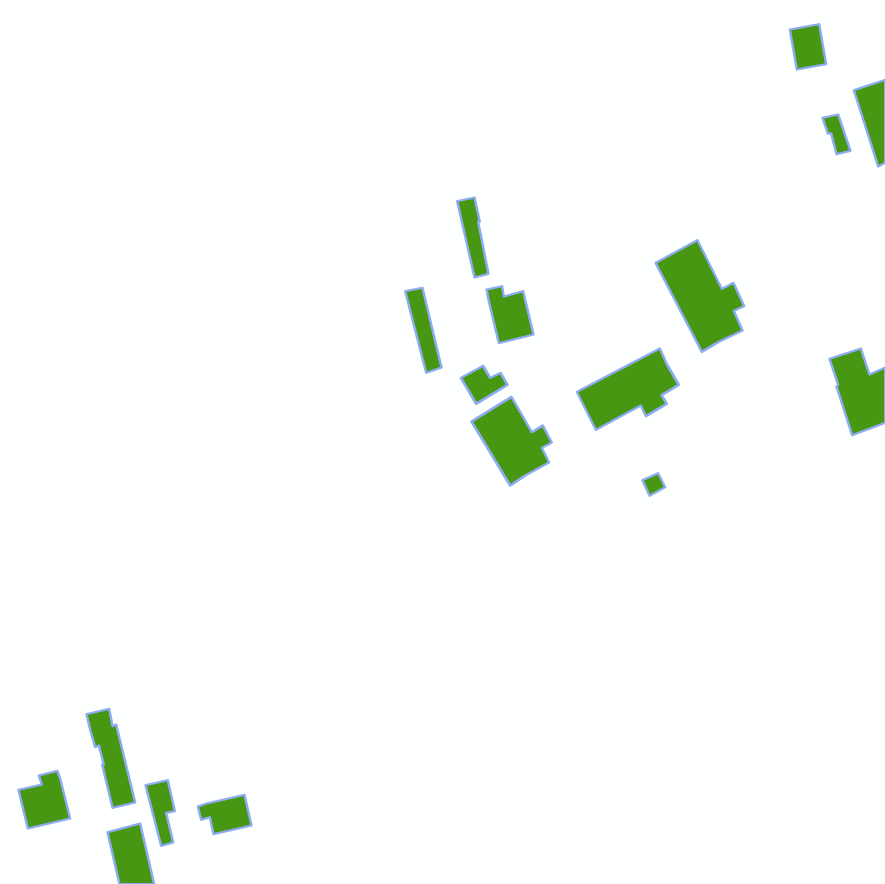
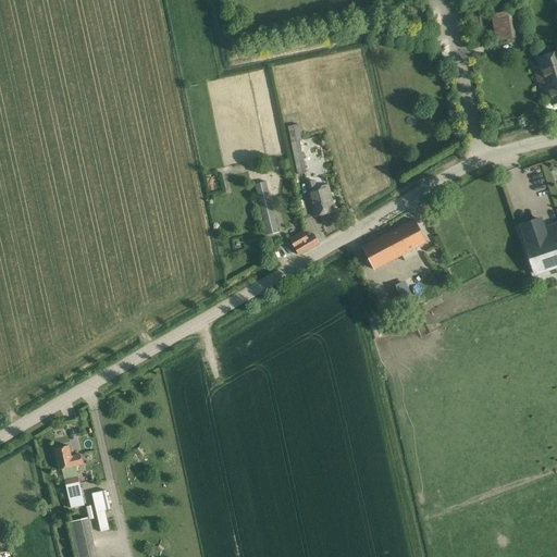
building: [655,240,744,352] -> none
building: [472,397,552,486] -> none
building: [18,771,70,828] -> none
building: [198,795,251,834] -> none

